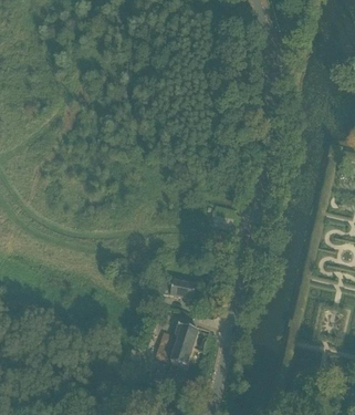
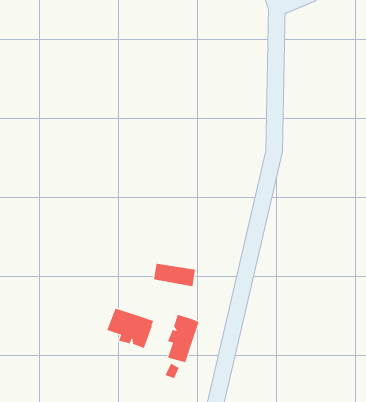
building: none -> [106,308,154,349]

